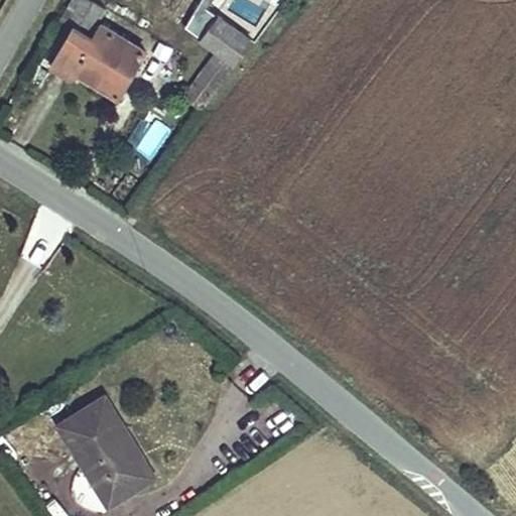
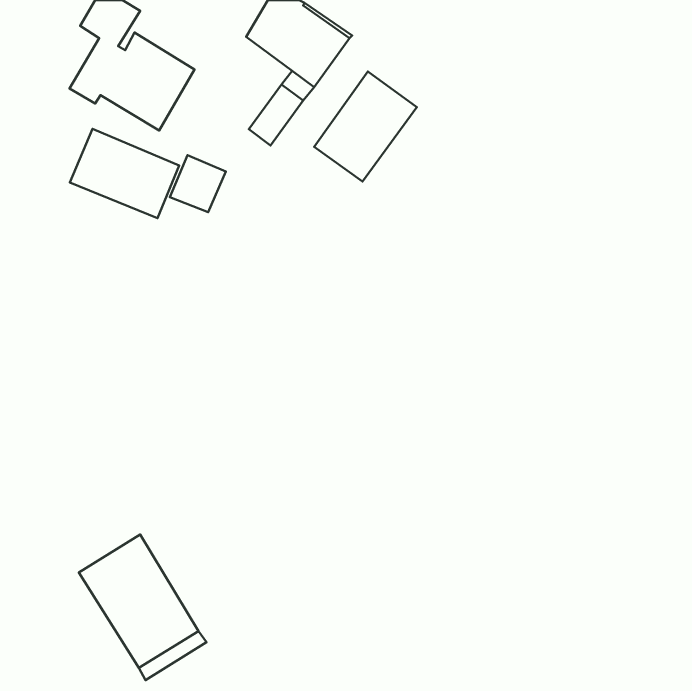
building: none -> [314,71,417,181]
building: none -> [70,129,179,218]

